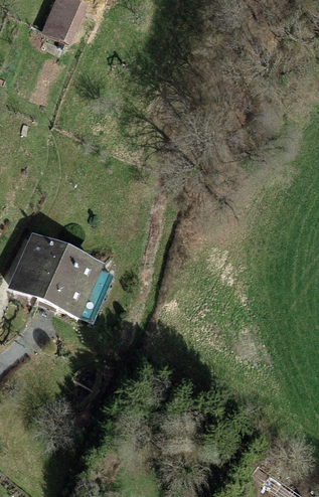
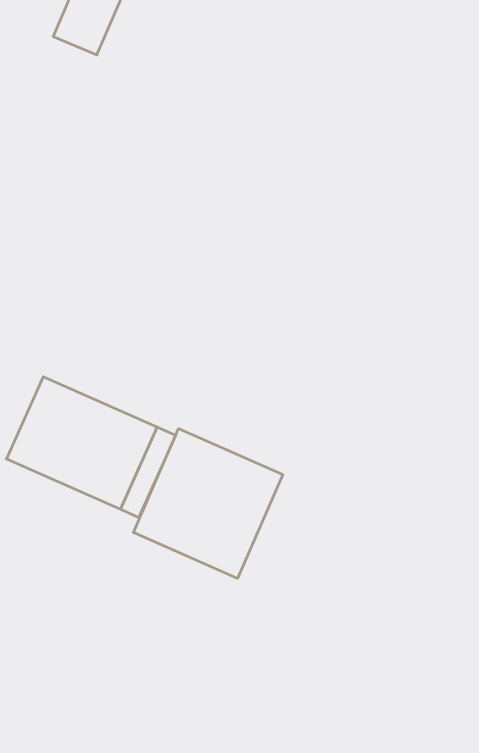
building: none -> [133,429,283,578]

